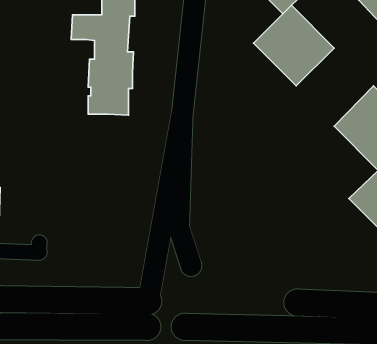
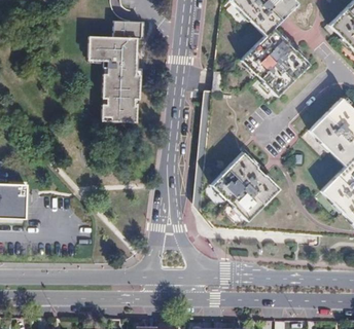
building: none -> [209,151,278,220]

